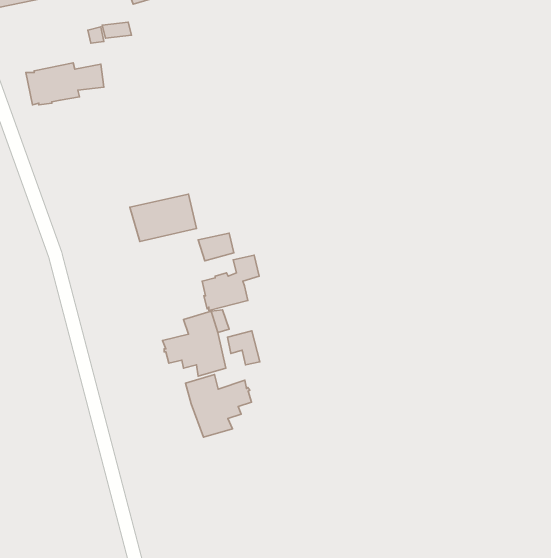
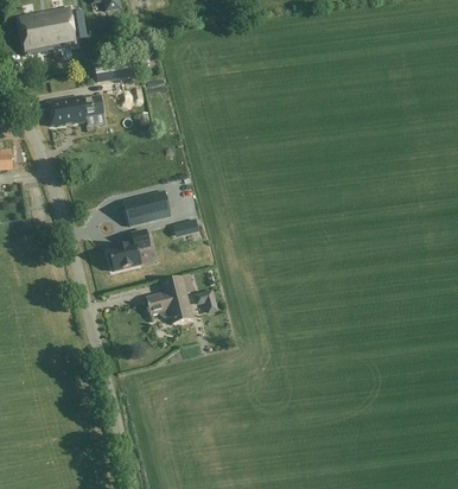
building: [202,255,259,310] -> [108,230,150,271]
building: [185,375,252,437] -> none

